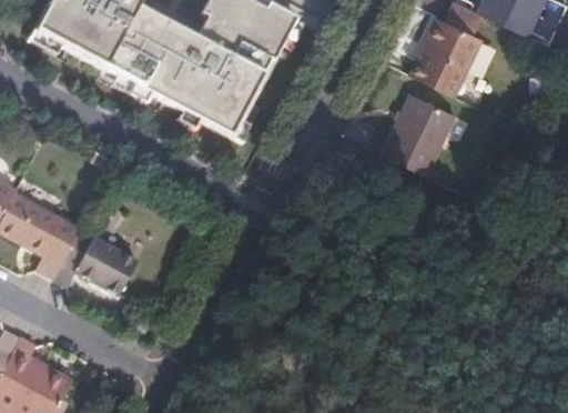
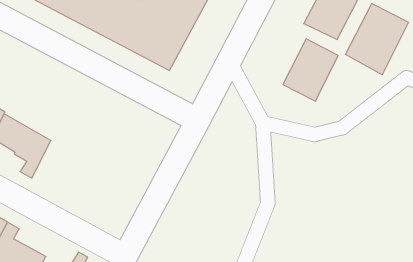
building: none -> [346,3,409,75]
building: [51,232,135,298] -> none

